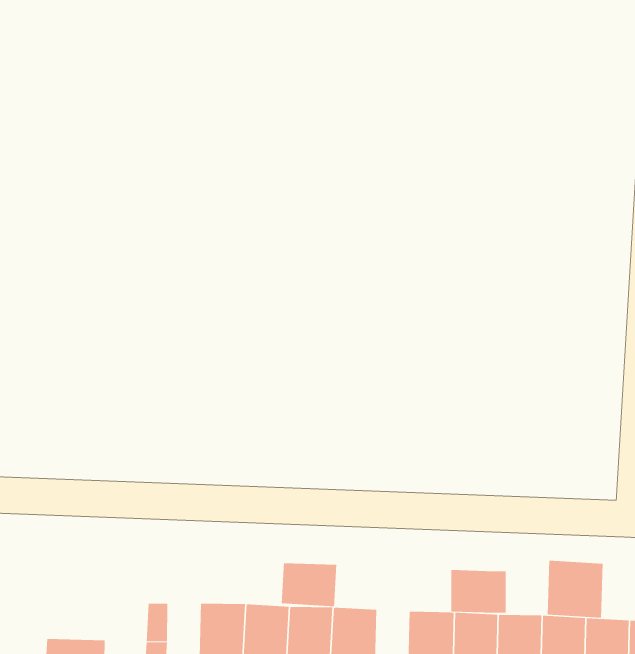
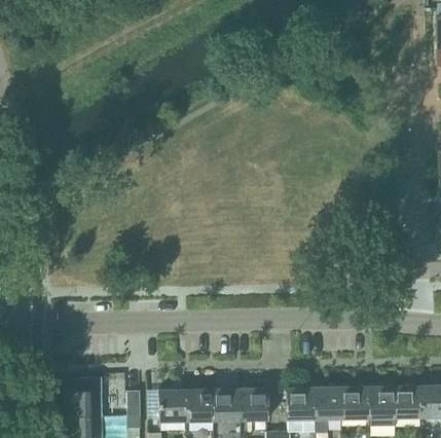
building: [547,560,603,619] -> none
building: [281,562,337,607] -> none
building: [451,569,506,613] -> none
building: none -> [65,377,102,416]

